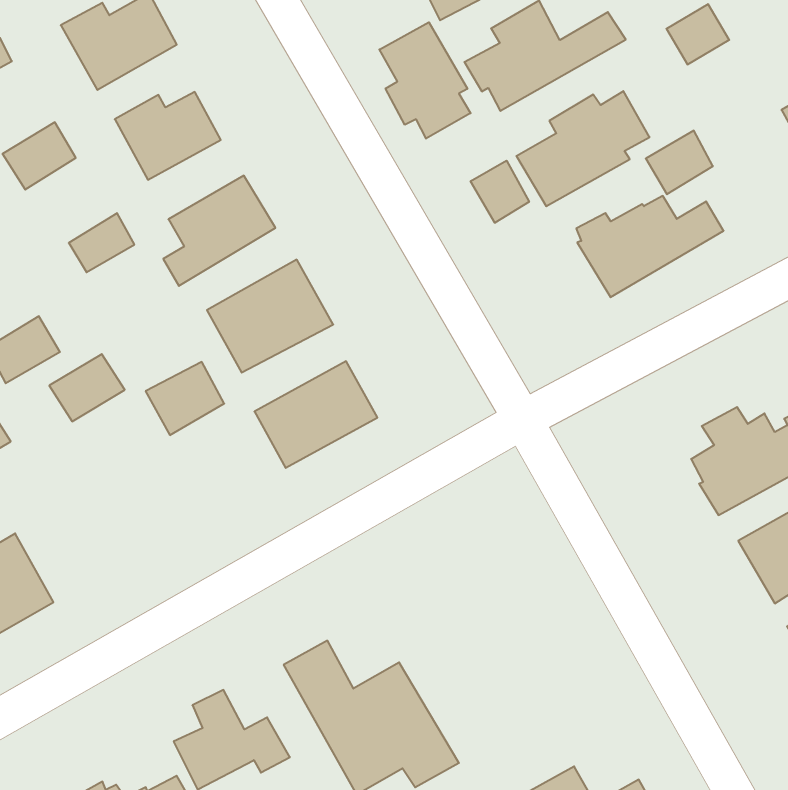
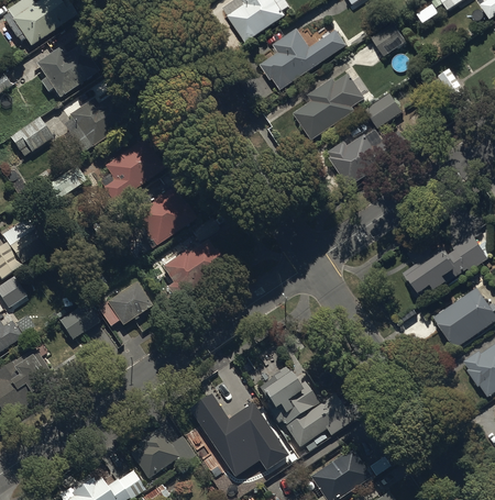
building: [379,22,471,139] -> none
building: [471,161,529,223] -> none
building: [49,354,125,421] -> [56,300,98,338]
building: [146,362,224,435] -> [106,281,150,323]
building: none -> [260,367,351,446]

